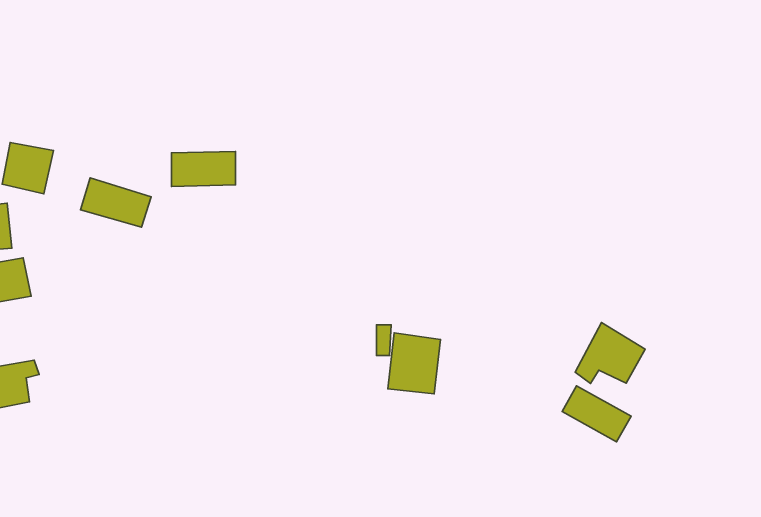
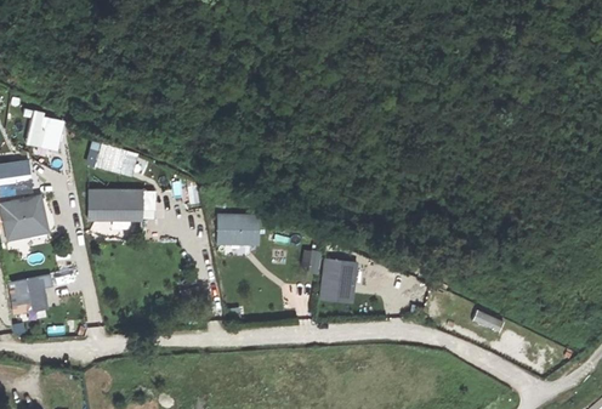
building: [172,151,236,187] -> [92,192,141,218]
building: none -> [217,217,257,245]
building: [575,322,645,383] -> none

